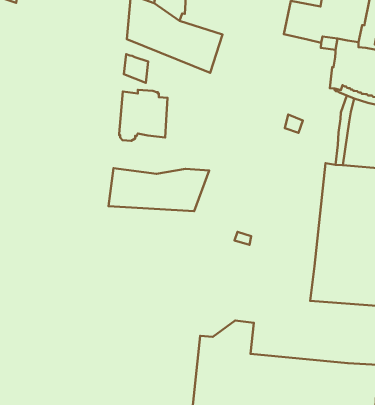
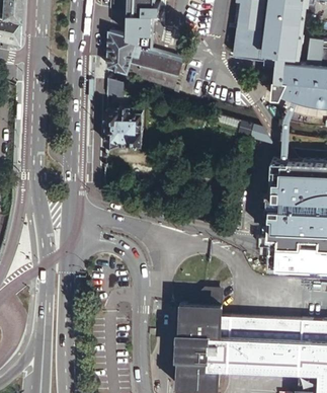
building: [109,168,209,211] -> none

